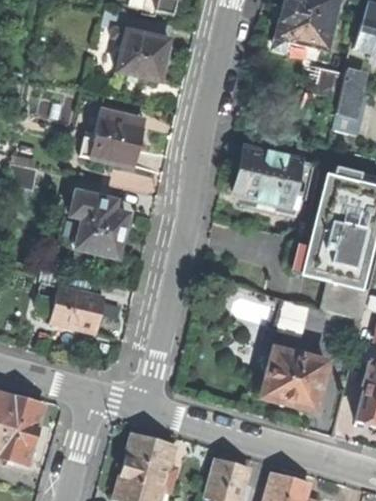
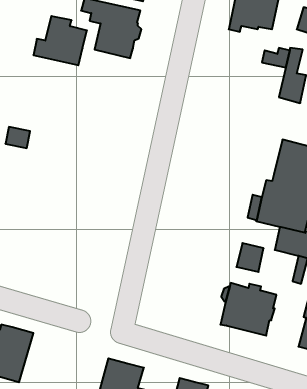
building: [79,109,142,167] -> [33,16,87,65]
building: [235,148,311,217] -> none
building: [58,192,128,258] -> none
building: [51,287,104,334] -> none

